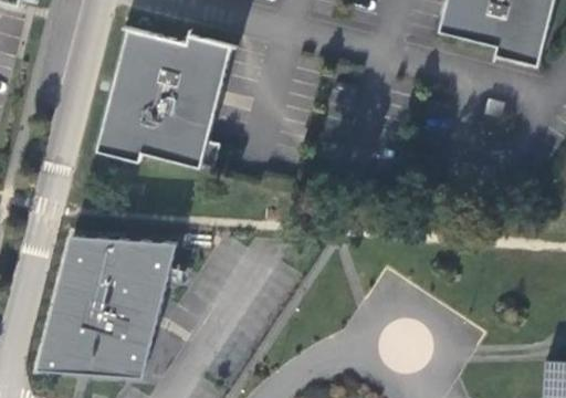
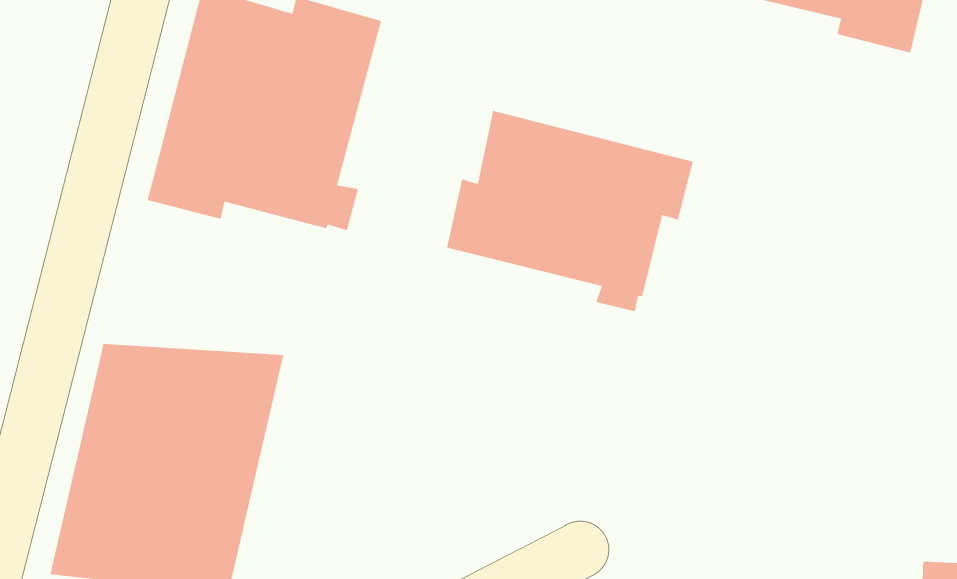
building: none -> [447,110,693,312]

